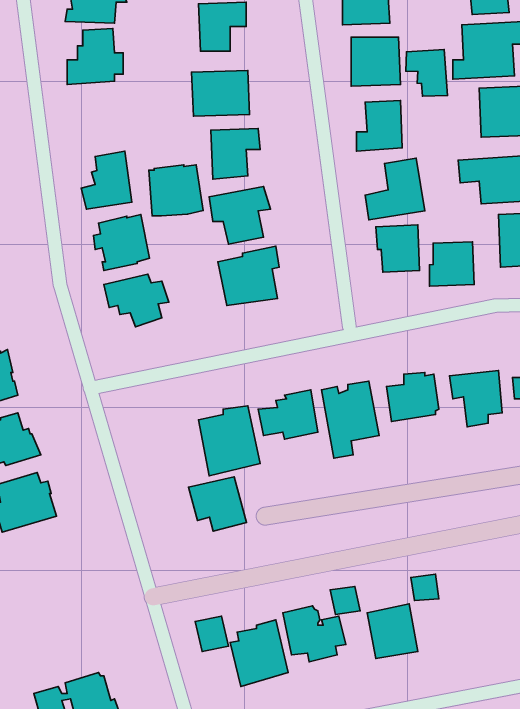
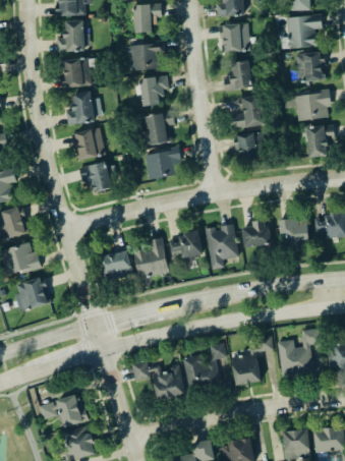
building: [406,50,448,96] -> none
building: [149,165,203,216] -> [60,58,92,88]
building: [429,242,474,286] -> none
building: [189,477,246,531] -> [100,247,133,279]
building: none -> [277,330,314,377]

